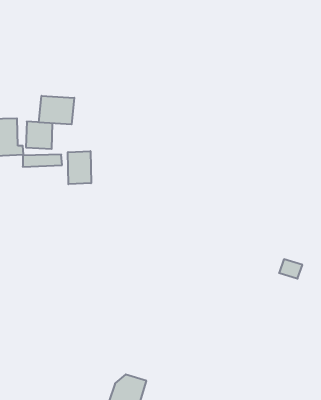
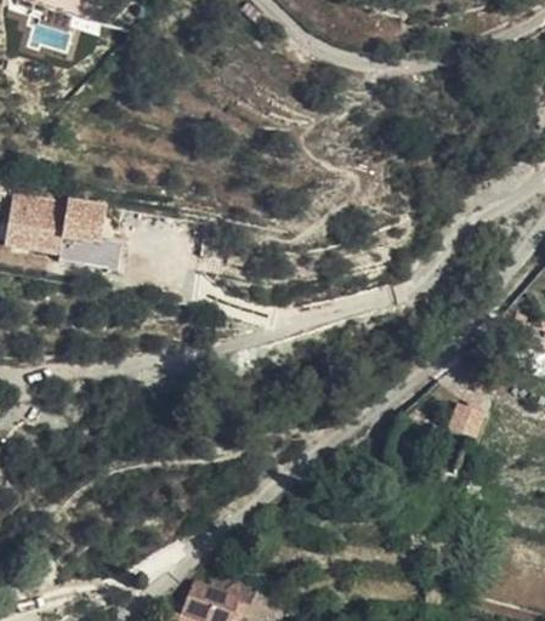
building: [39,96,74,124] -> none
building: [68,151,91,184] -> none

